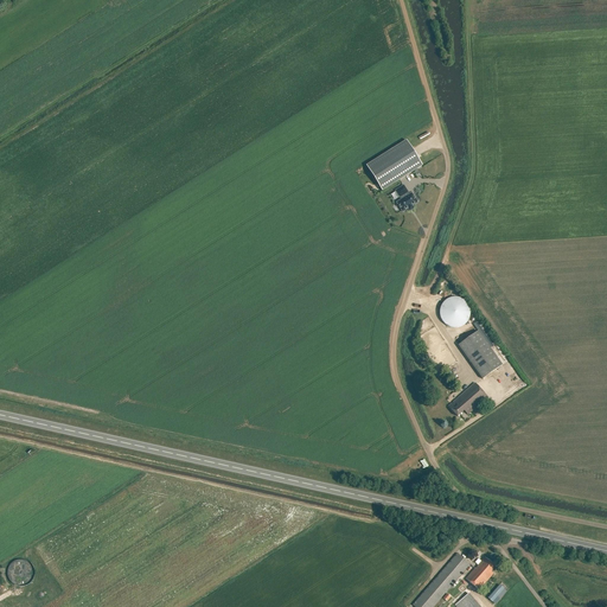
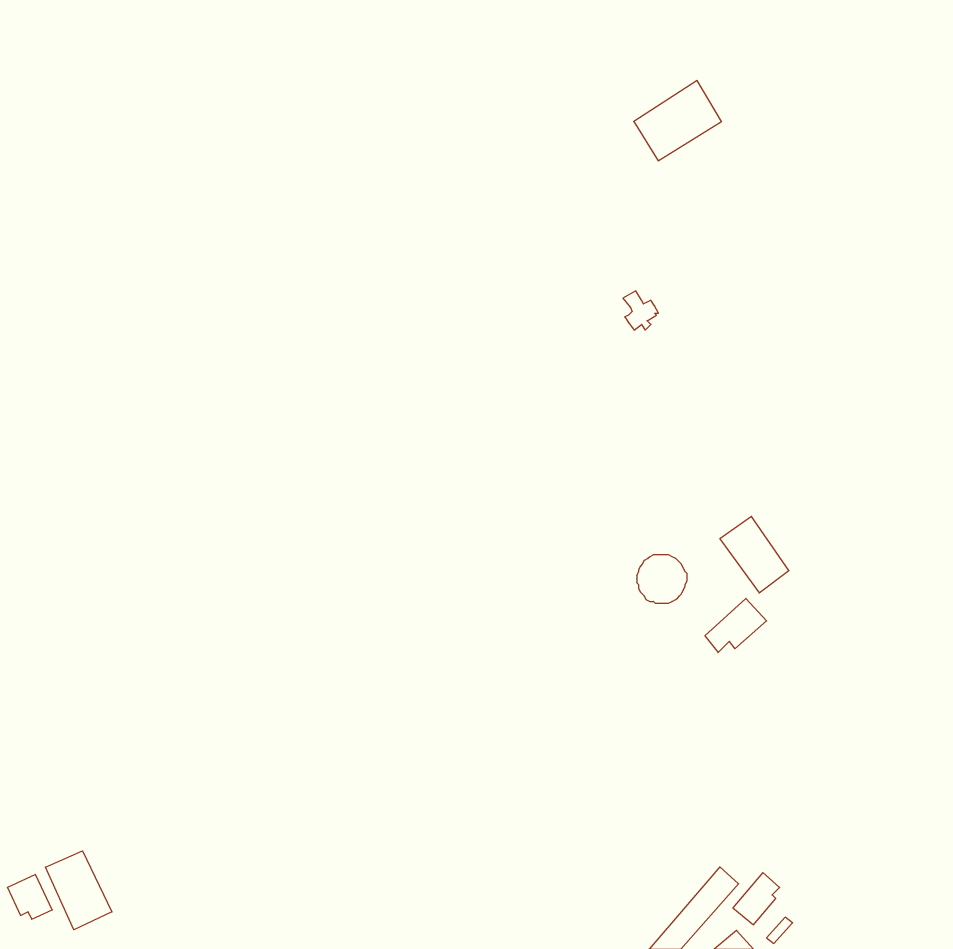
building: [366,138,422,189] -> [634,81,721,161]
building: [439,295,471,326] -> [637,555,687,603]
building: none -> [45,851,112,930]

